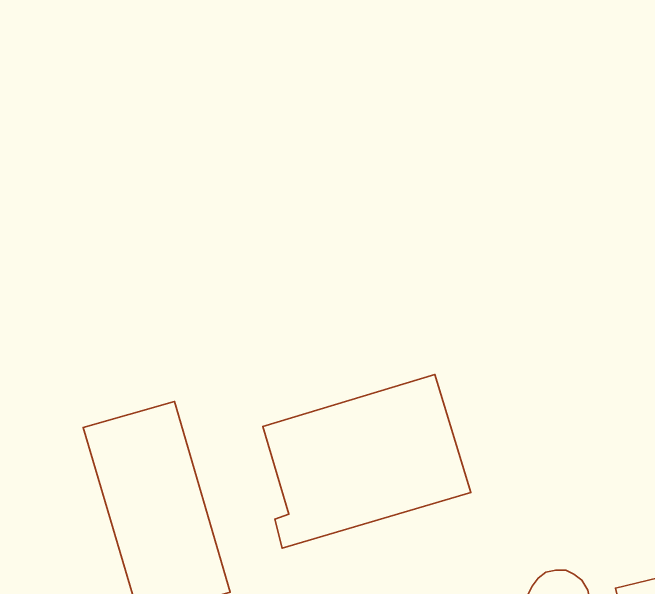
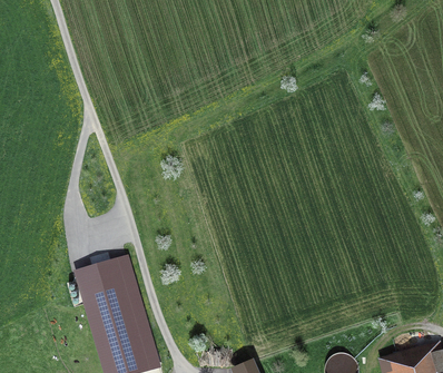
building: [263,375,471,548] -> none

